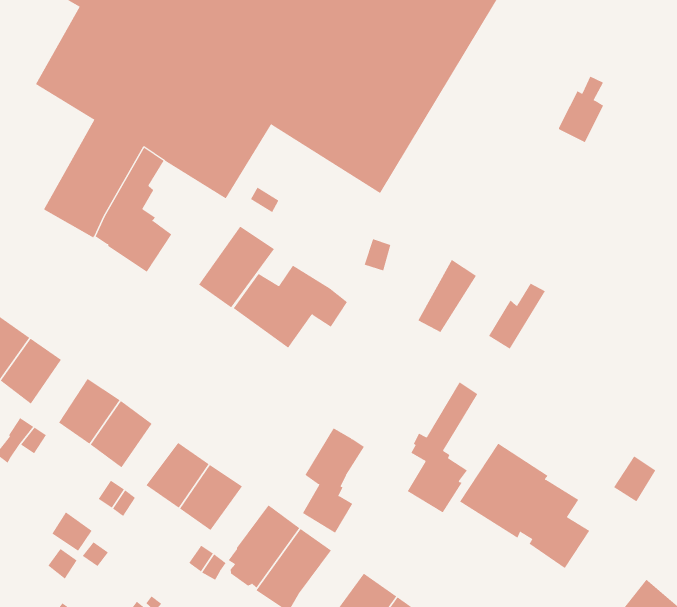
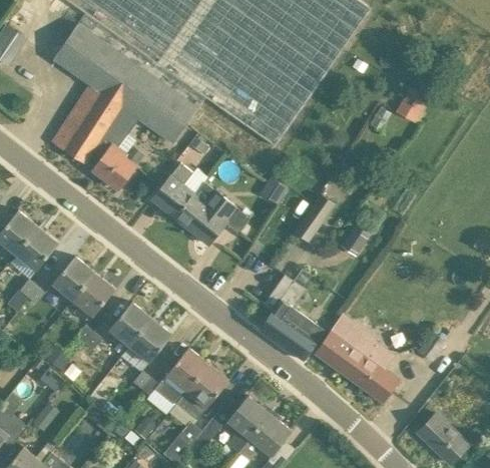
building: [302,428,365,534] -> [260,274,304,344]

